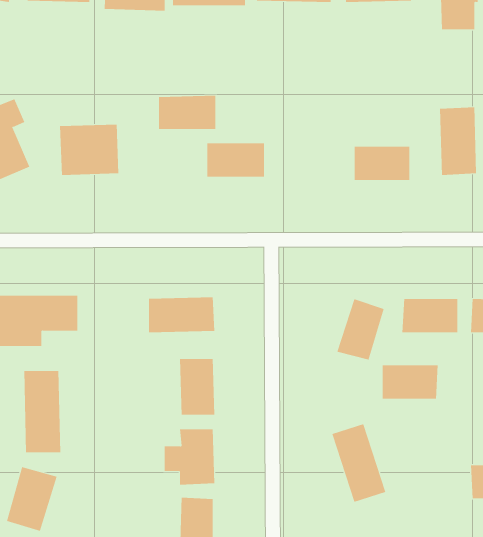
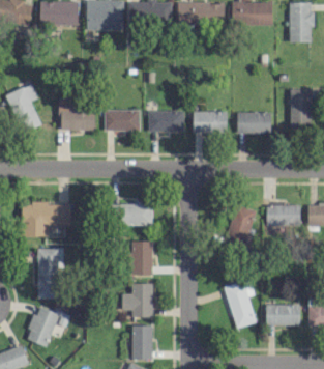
building: [158,95,216,130] -> [105,110,140,131]
building: none -> [193,112,227,133]
building: [382,365,438,399] -> [266,305,300,325]

